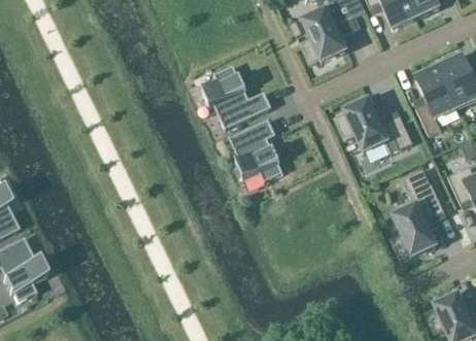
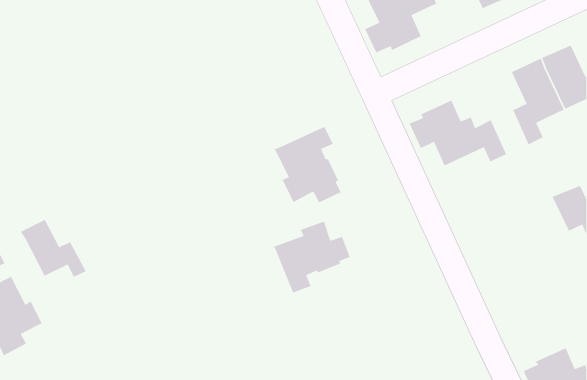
building: [202,63,271,127] -> none
building: [390,167,444,257] -> none
building: none -> [20,219,87,278]
building: none -> [272,220,351,294]

